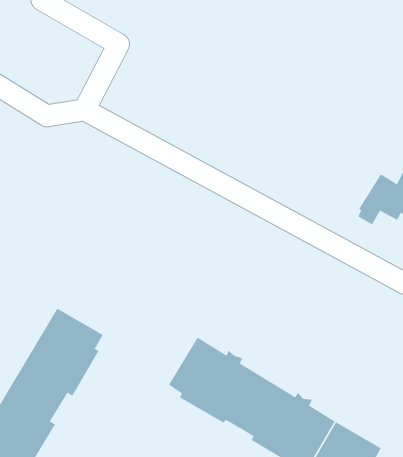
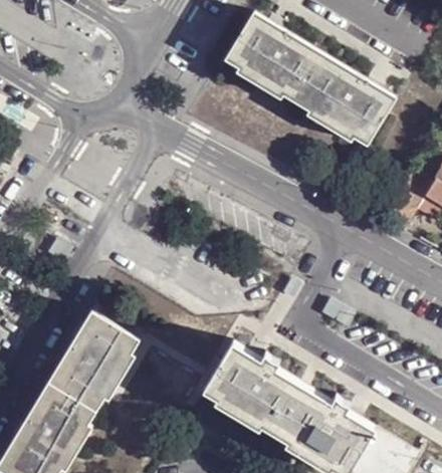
building: none -> [225,14,395,145]

